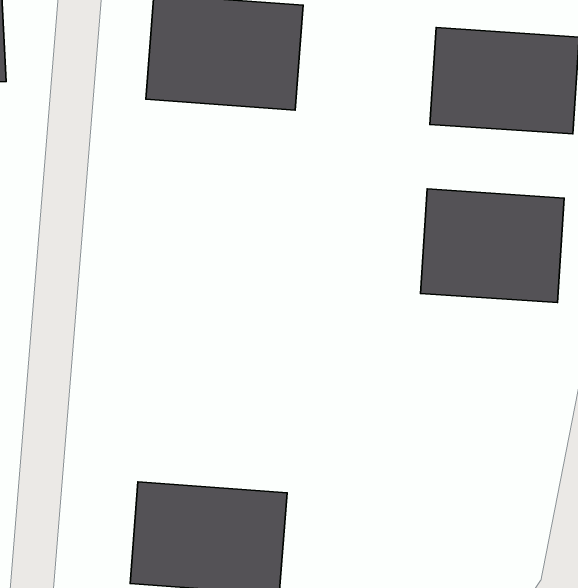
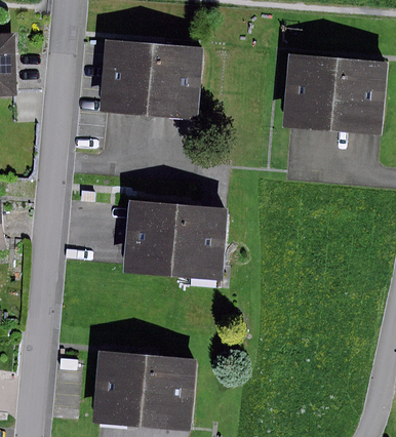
building: [420,189,564,303] -> none
building: none -> [123,203,227,279]

